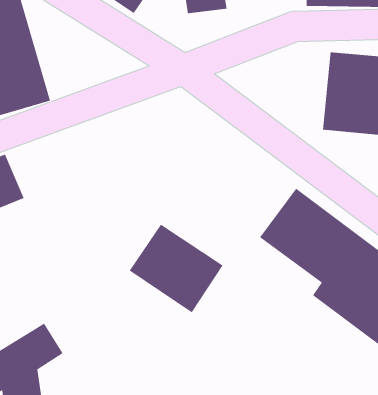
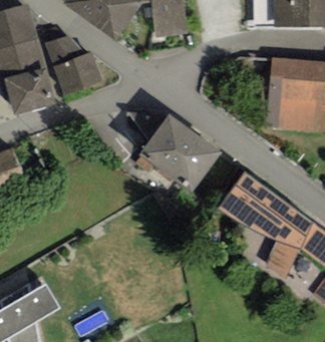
building: none -> [48,39,96,90]
building: [129,224,224,313] -> [137,118,213,190]

